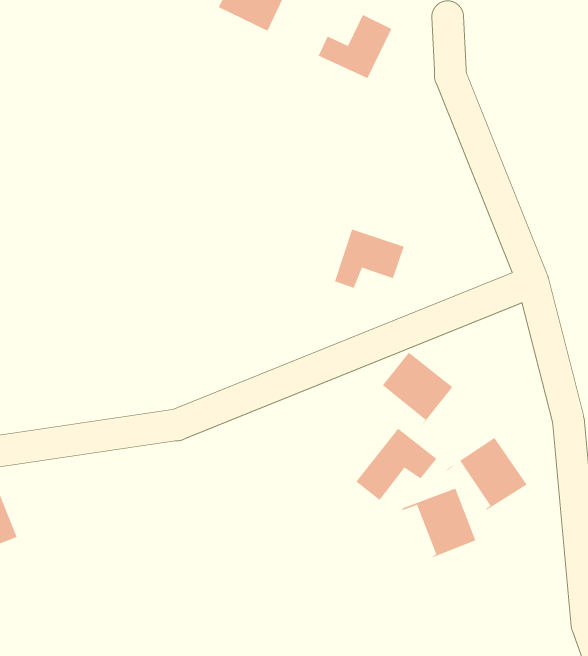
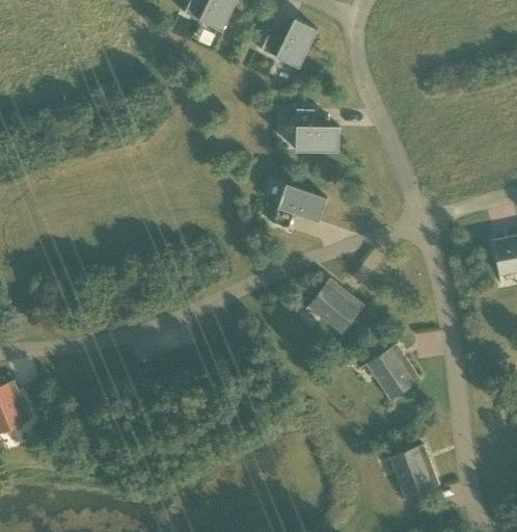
building: none -> [295,109,338,152]
building: [355,428,437,501] -> none
building: [402,488,476,558] -> [381,445,438,499]

